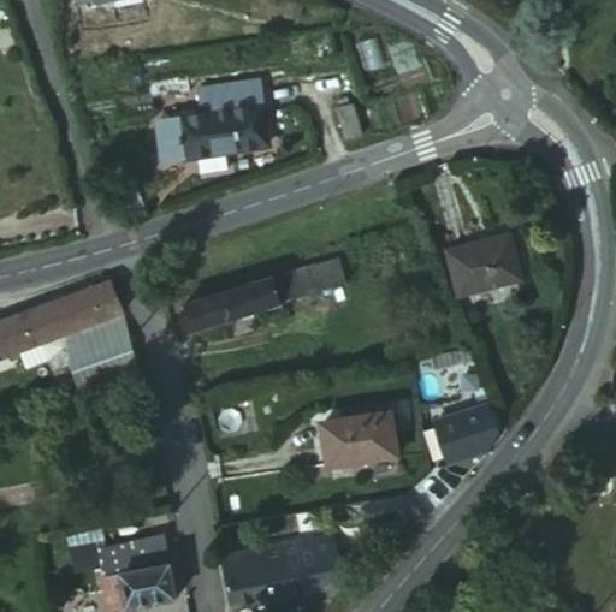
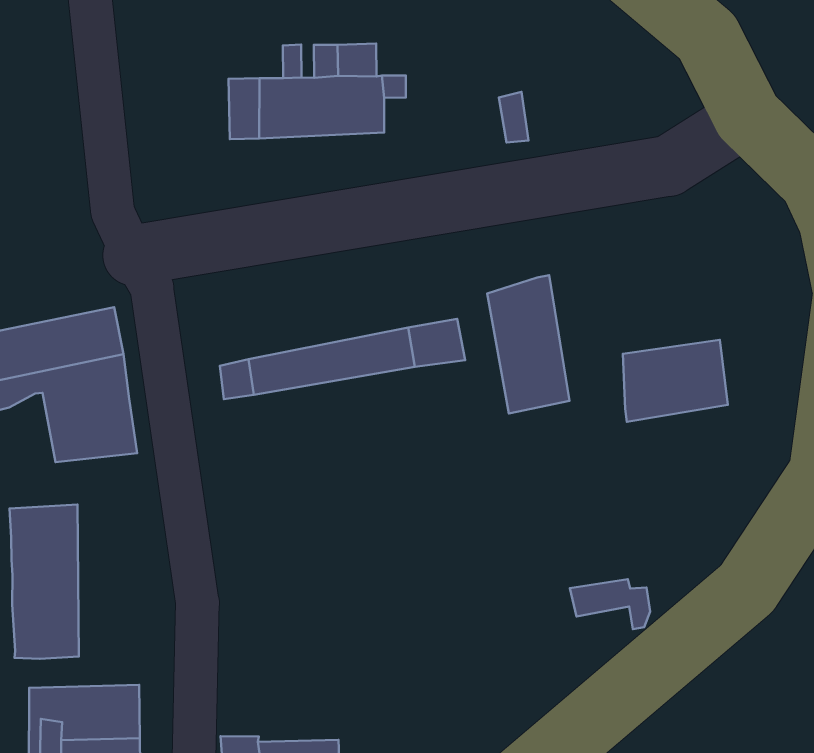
building: none -> [487,275,570,414]
building: [325,410,398,463] -> none
building: none -> [10,504,79,659]
building: [439,427,487,465] -> none

